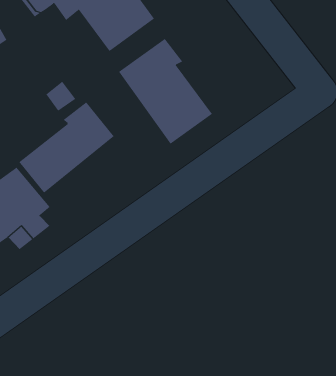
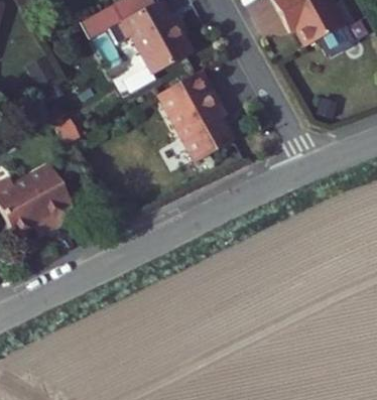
building: [19,102,115,194] -> none

